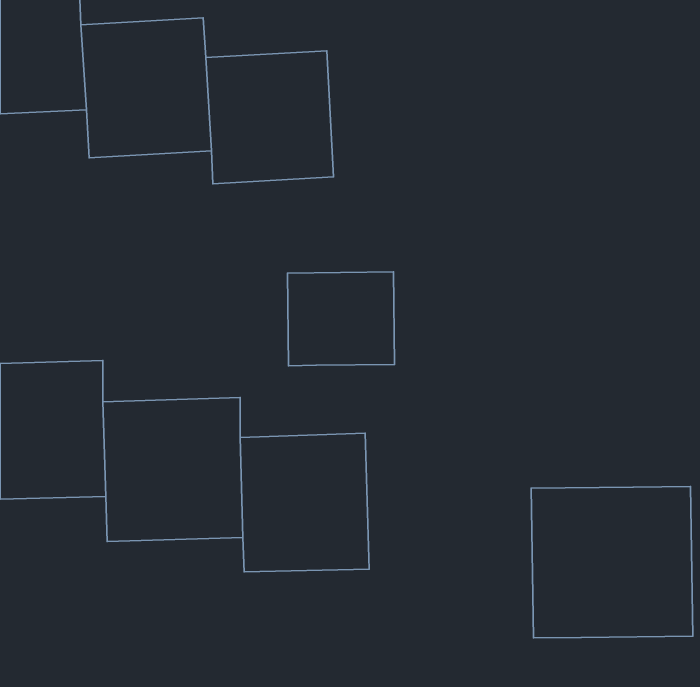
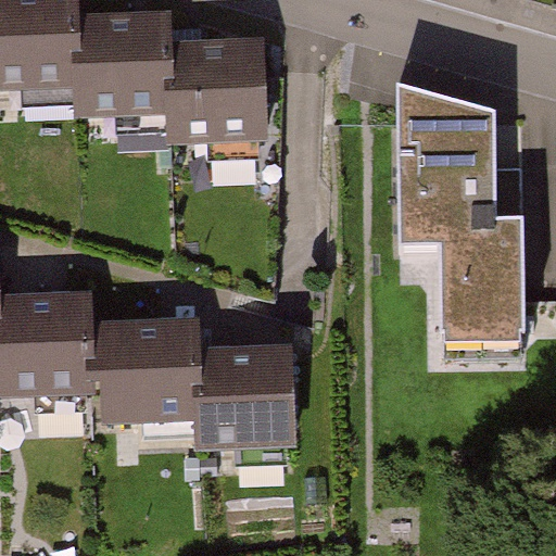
building: none -> [399,85,525,332]
building: [287,272,394,366] -> none
building: [531,486,693,638] -> none

